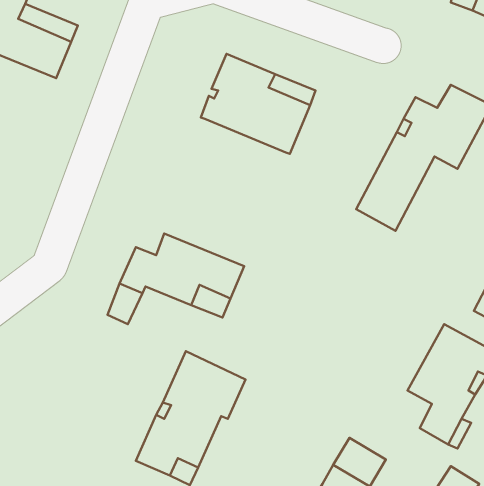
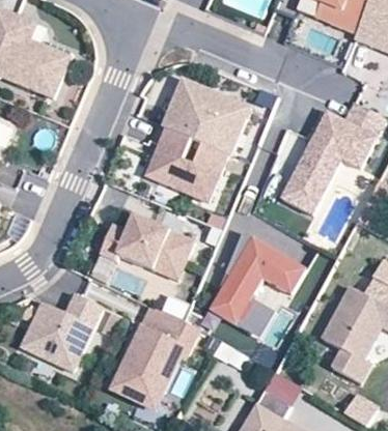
building: none -> [145,127,227,202]
building: none -> [214,230,305,332]
building: none -> [20,293,103,371]

